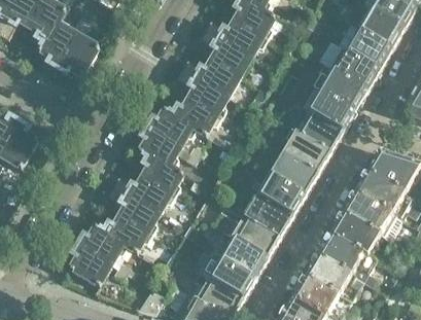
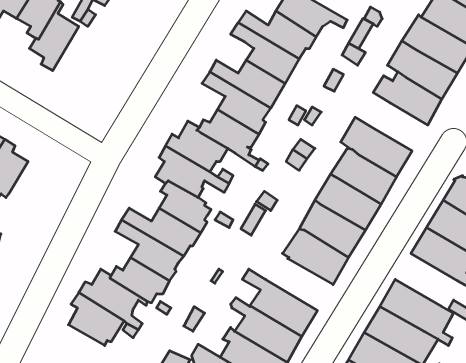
building: [59,32,100,75] -> none
building: [295,84,356,131] -> none
building: [220,204,281,257] -> none
building: [330,212,380,254] -> none

